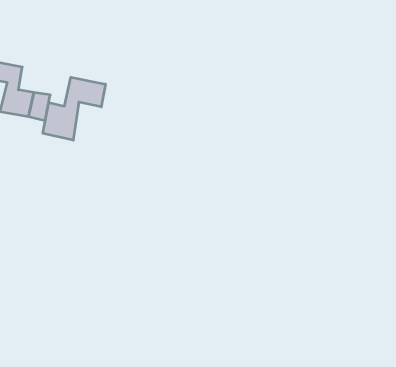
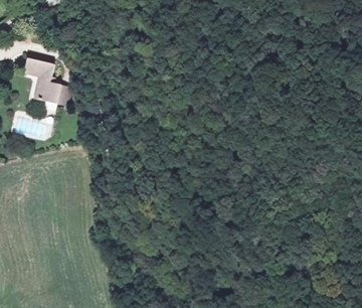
building: [43,77,105,140] -> none

